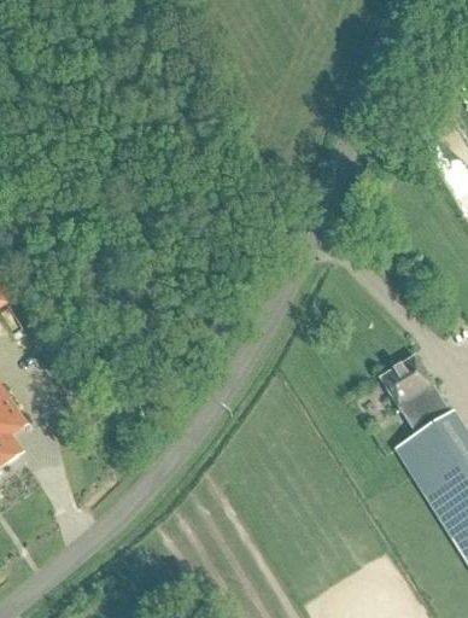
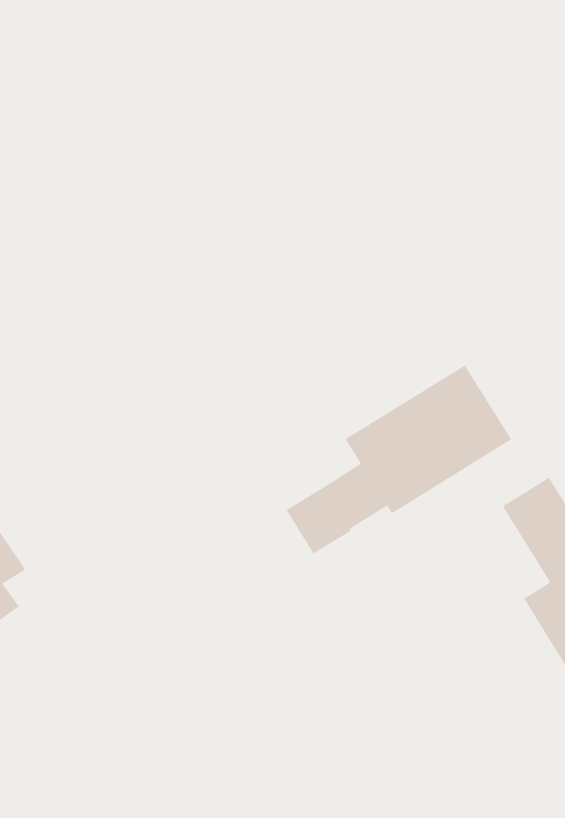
building: none -> [285,364,512,555]

